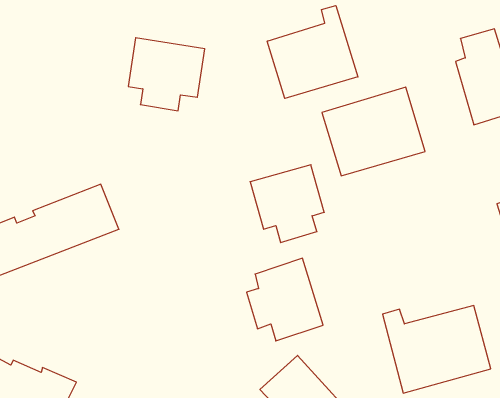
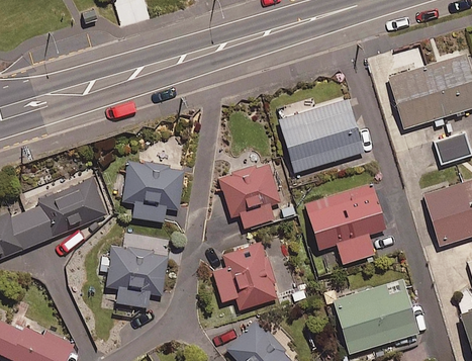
building: [267,6,358,98] -> none
building: [128,38,205,111] -> [121,160,185,220]
building: none -> [304,182,385,261]
building: none -> [100,244,170,319]

